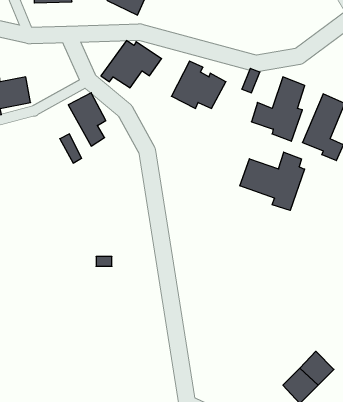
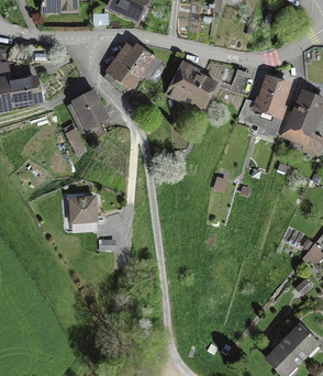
building: [240,152,305,210] -> none
building: none -> [68,193,97,221]

